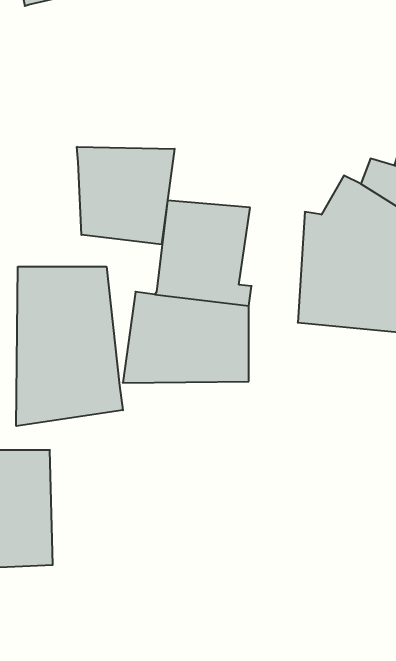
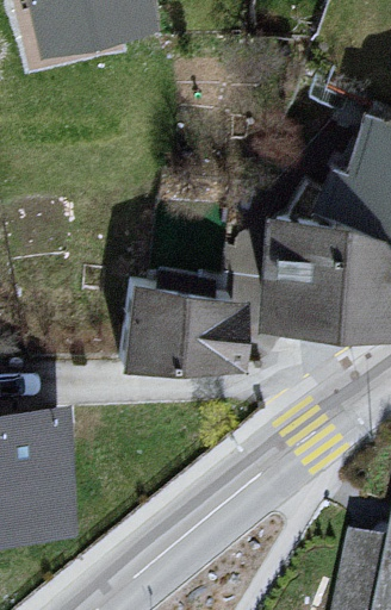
building: [77,147,175,244] -> none
building: [16,267,123,426] -> none

